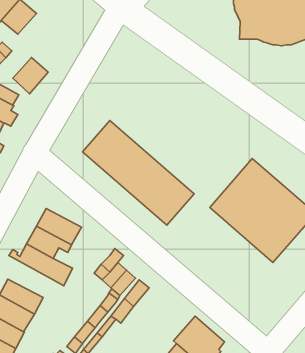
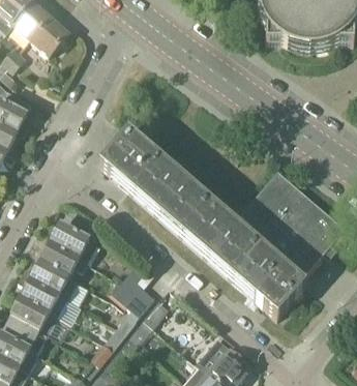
building: [13,58,48,94] -> [32,17,69,55]
building: none -> [189,207,307,317]
building: none -> [19,272,69,317]

